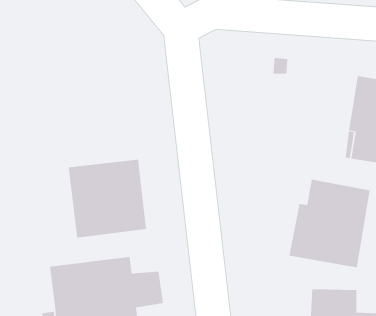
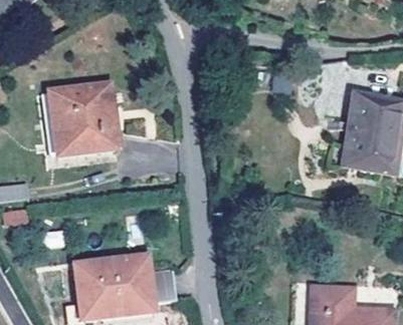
building: [68,159,147,238] -> [47,86,119,157]
building: [289,179,370,268] -> none

